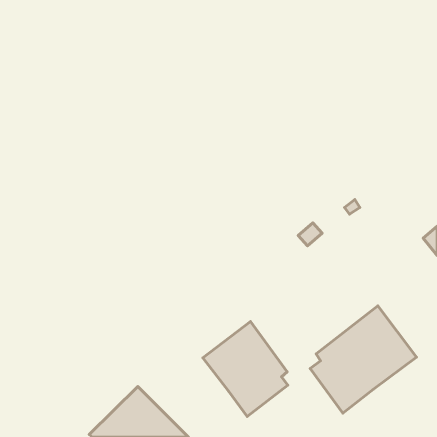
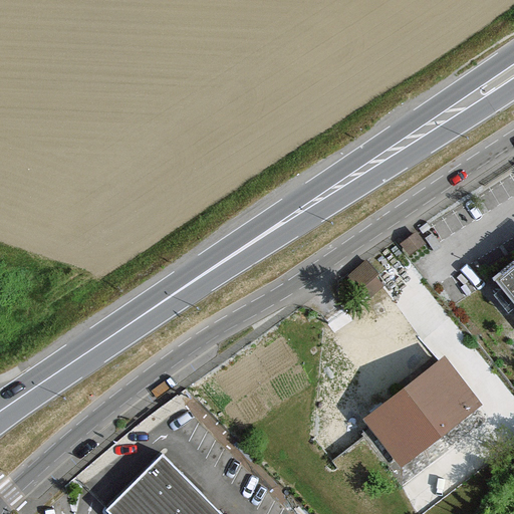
building: [203,322,288,417] -> none

